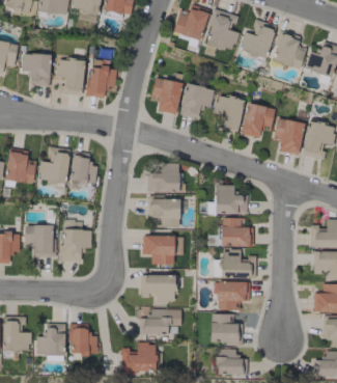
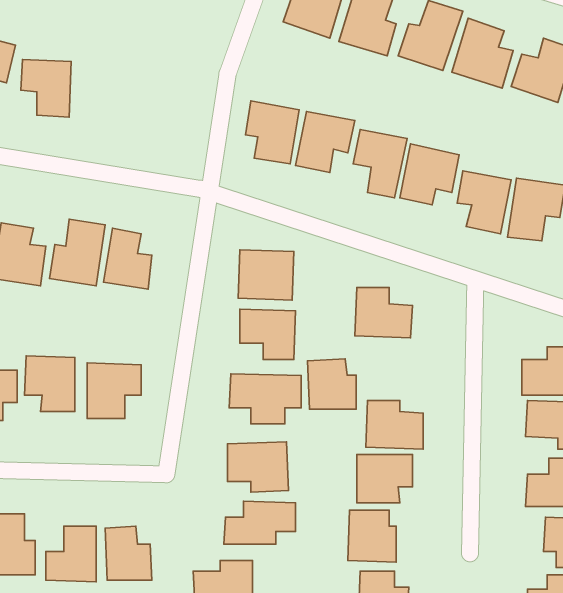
building: [56,59,84,95] -> none
building: [87,60,117,98] -> none
building: [222,218,250,247] -> [308,359,356,409]

